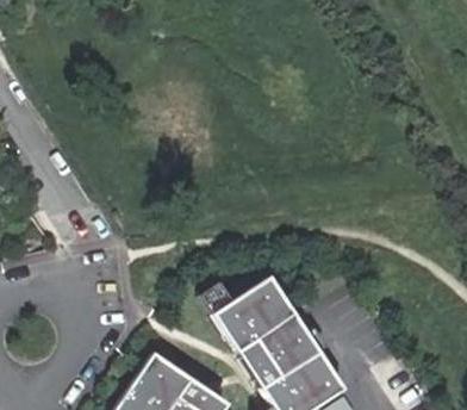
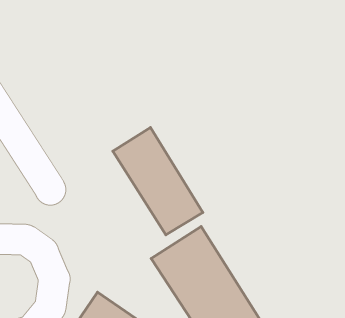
building: none -> [113,127,203,235]

